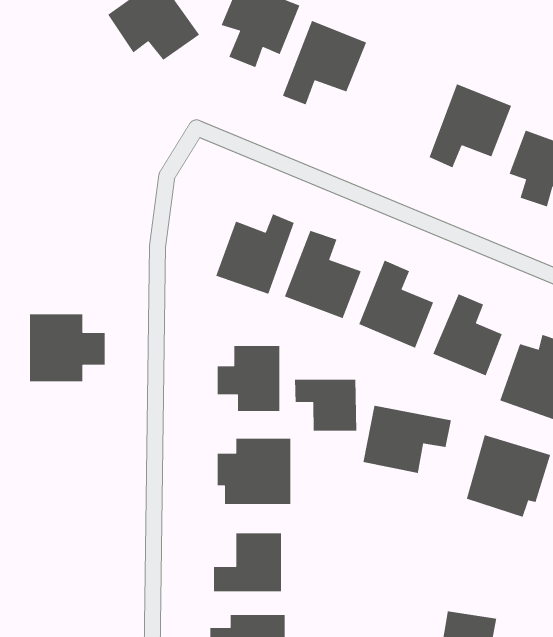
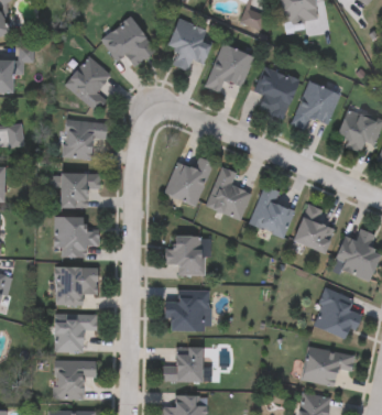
building: none -> [64,56,110,113]
building: none -> [255,67,297,119]
building: none -> [62,123,106,160]
building: none -> [53,173,99,208]
building: [294,379,357,432] -> none
building: none -> [55,266,97,305]
building: [363,405,452,474] -> [302,346,354,386]
building: none -> [54,314,97,353]
building: none -> [53,361,95,400]

